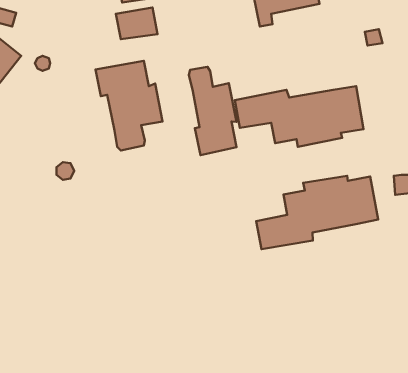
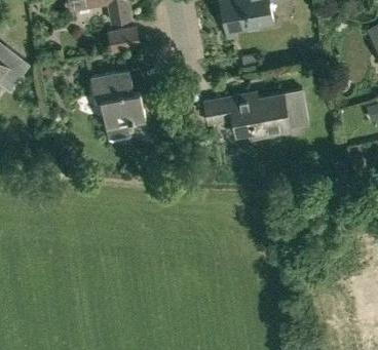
building: [189,67,237,155] -> none
building: [256,176,378,249] -> none

